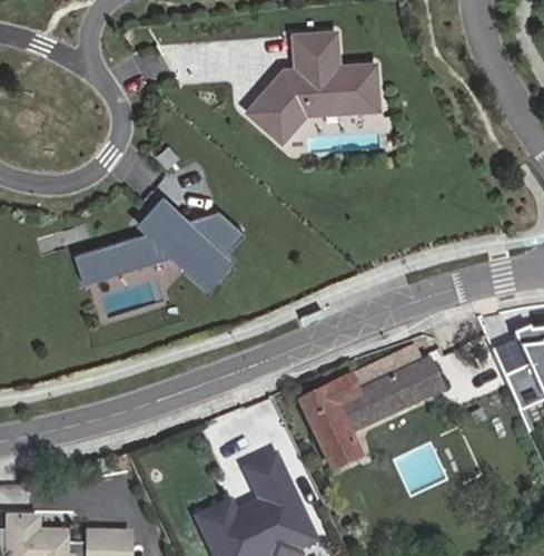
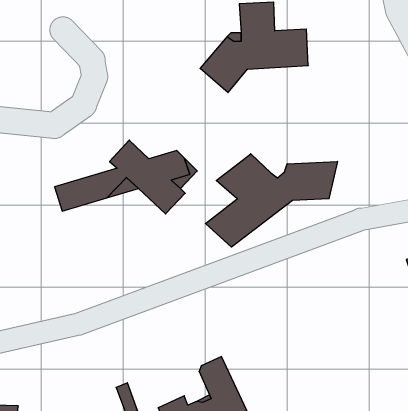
building: none -> [205,154,337,247]
building: [301,348,441,472] -> none

